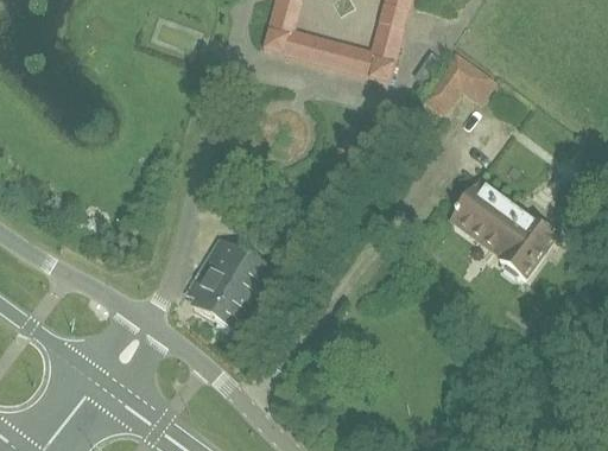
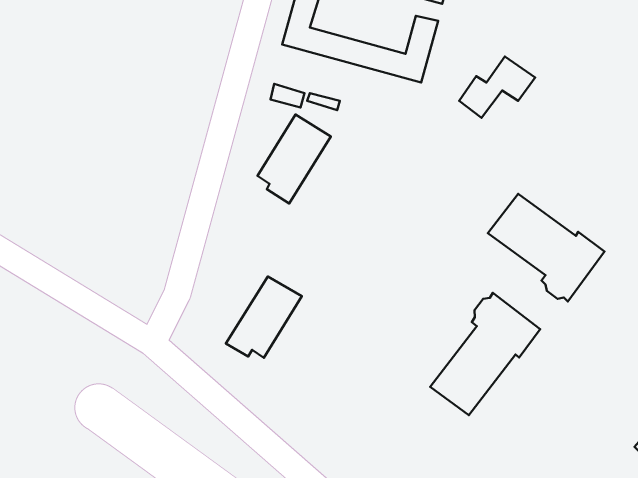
building: [183,236,249,317] -> [258,114,331,203]
building: none -> [430,293,540,415]

